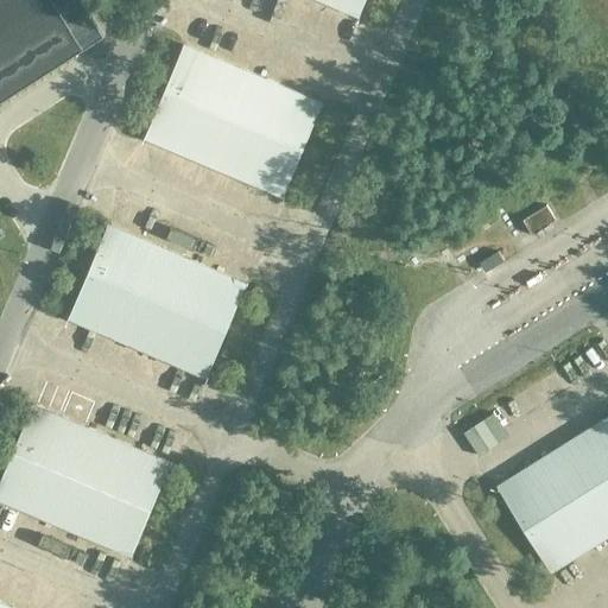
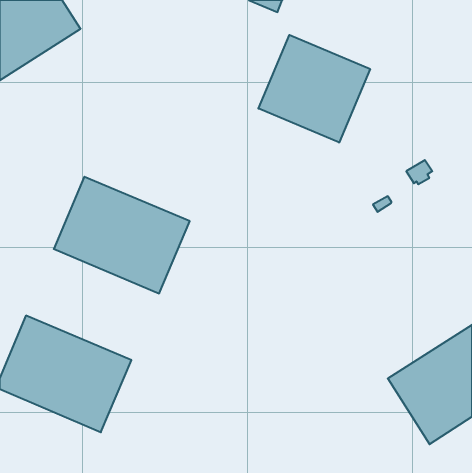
building: none -> [258,35,370,143]
building: [145,46,319,195] -> none

